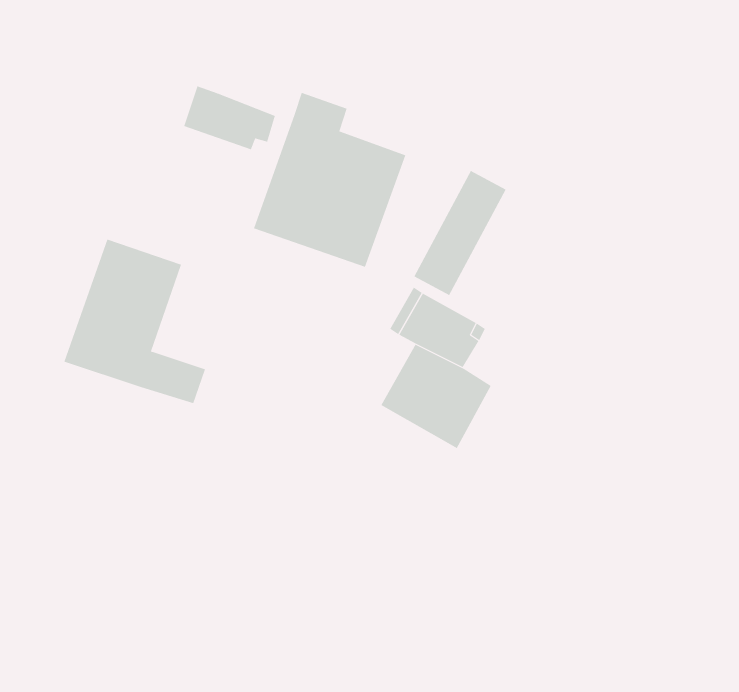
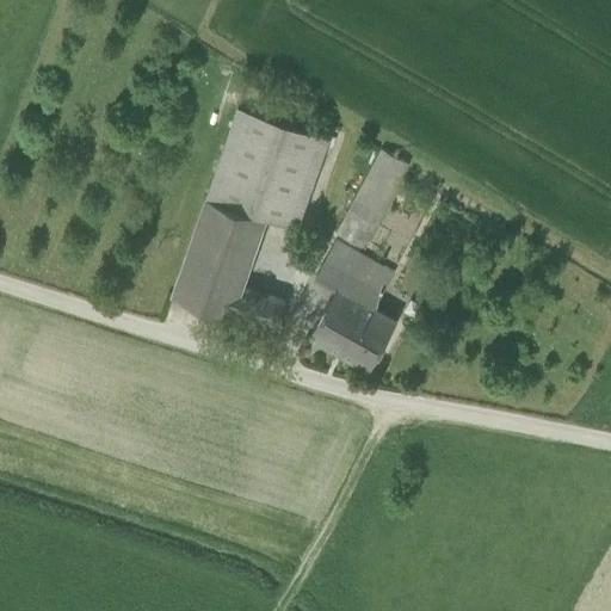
building: [184,86,276,150] -> none
building: [64,239,206,404] -> [172,200,285,332]

